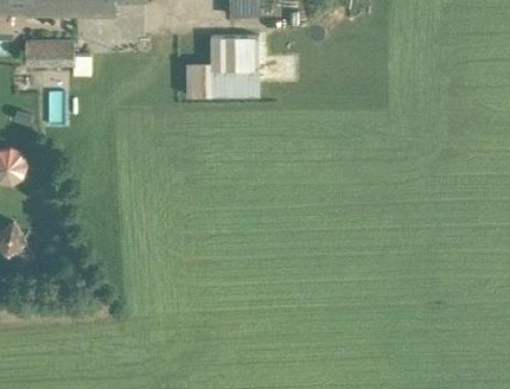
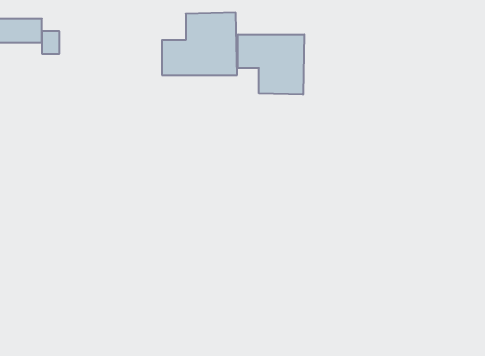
building: none -> [238,34,304,95]

